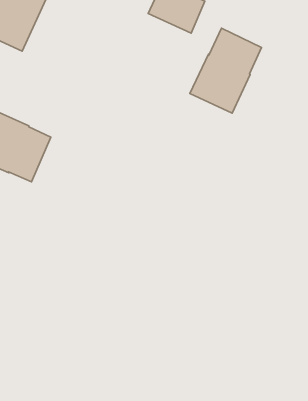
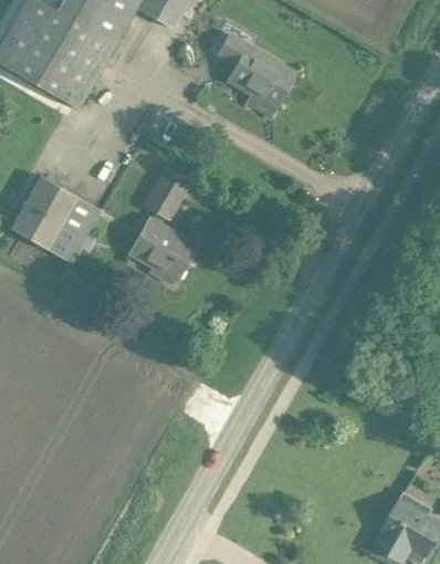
building: [190,28,261,113] -> none
building: none -> [128,169,196,285]

